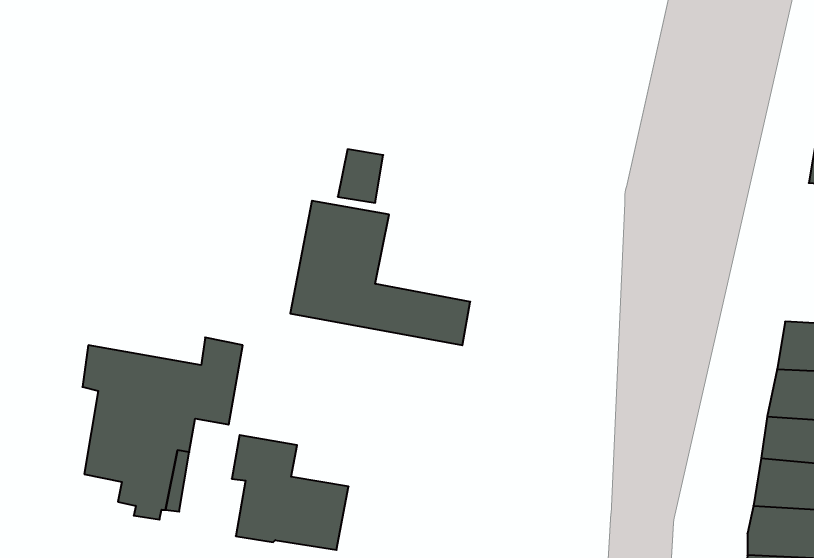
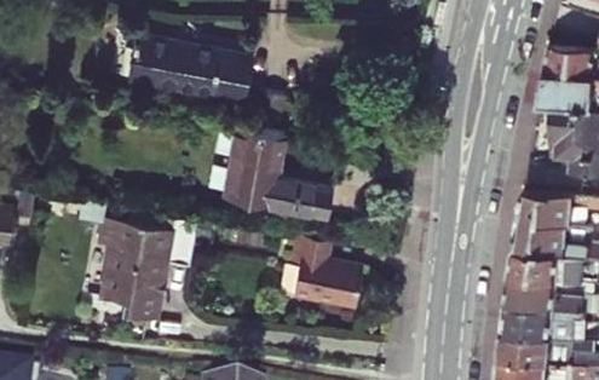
building: none -> [131,36,249,100]
building: [232,435,349,550] -> [287,234,358,304]

